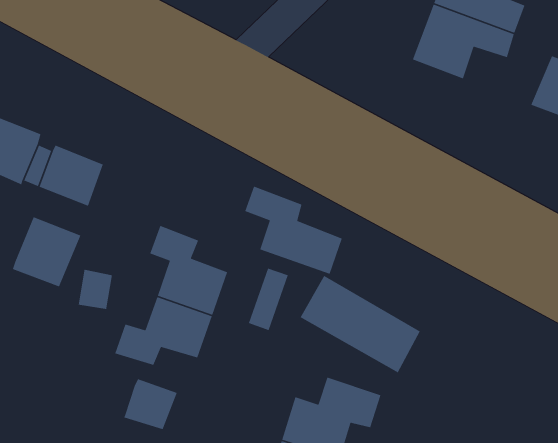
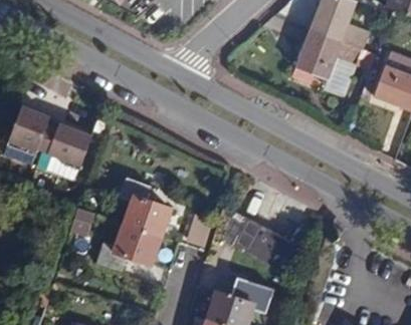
building: [244,186,343,275] -> none
building: [12,216,81,287] -> none
building: [123,378,178,430] -> none

